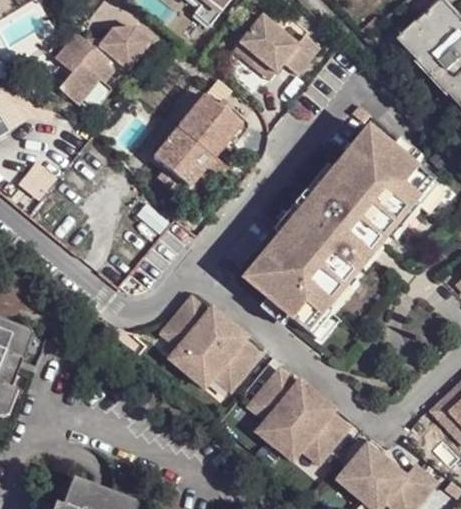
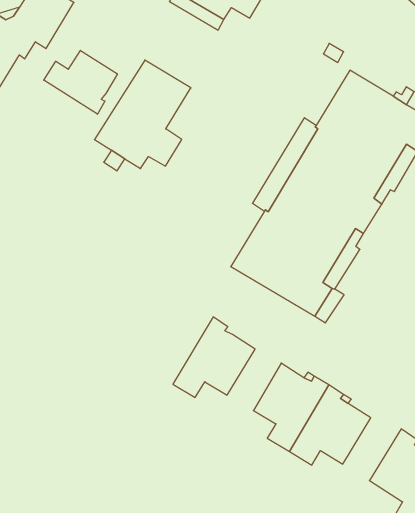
building: none -> [44,50,117,114]
building: [160,294,227,369] -> none

